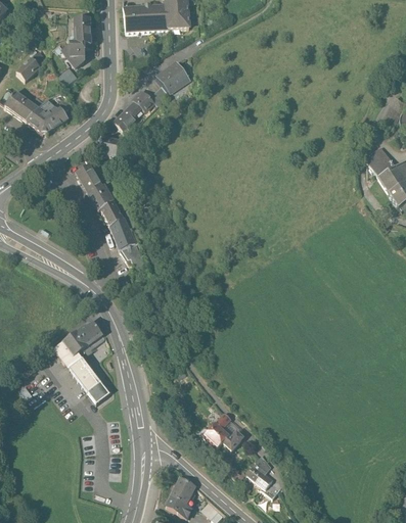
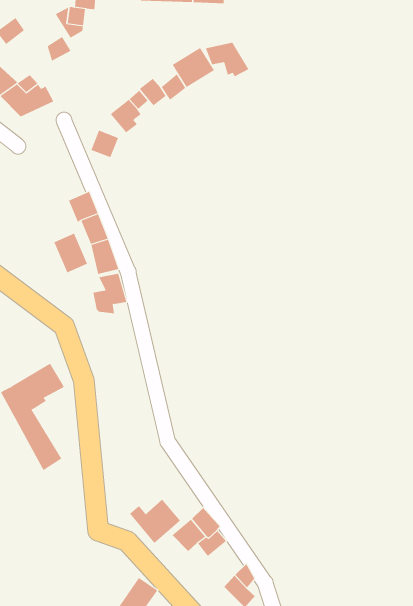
building: none -> [205,42,249,77]
building: [76,160,104,192] -> [53,233,88,273]
building: none -> [129,499,181,544]

